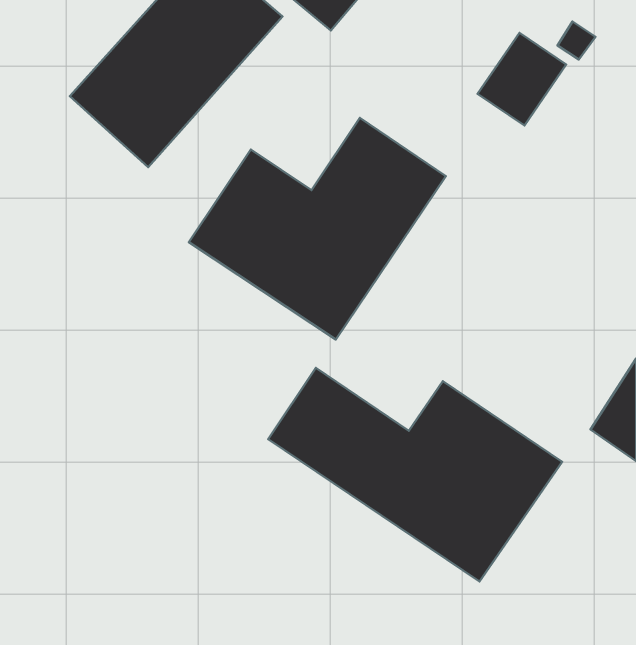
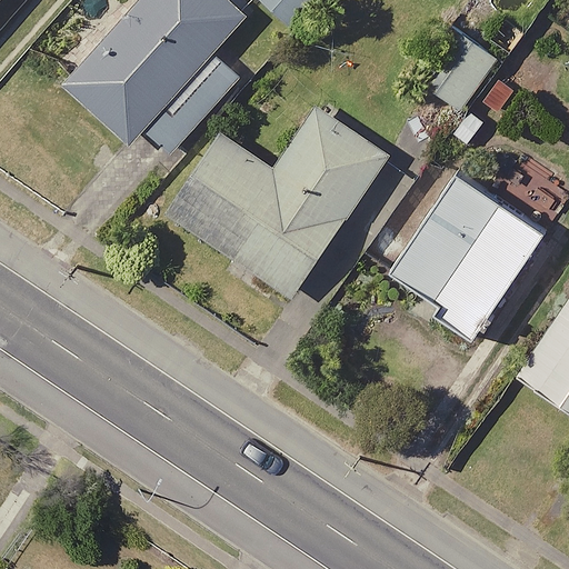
building: none -> [389,173,550,346]
building: [268,368,562,581] -> none

